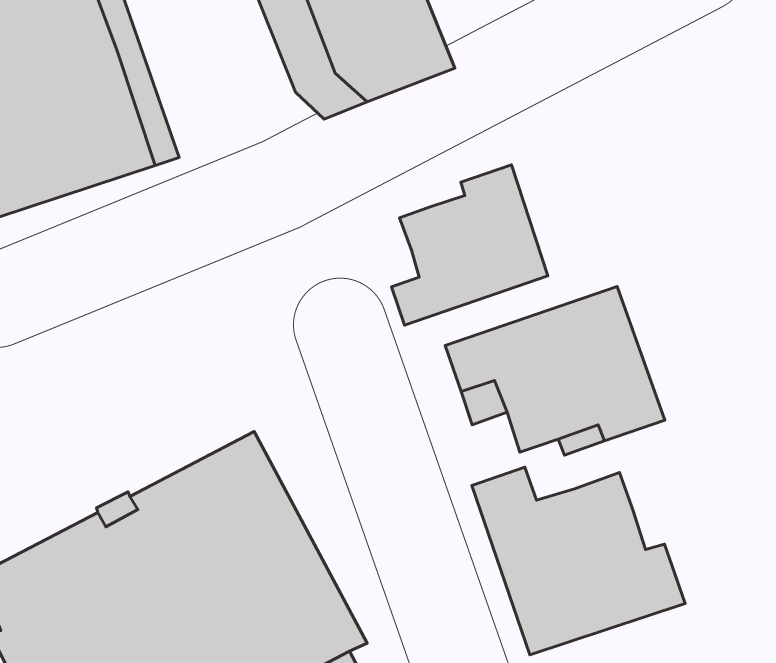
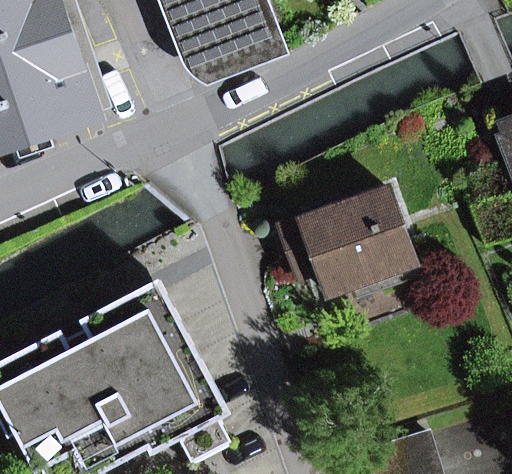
building: [391,165,548,325] -> none
building: [472,467,685,655] -> none

